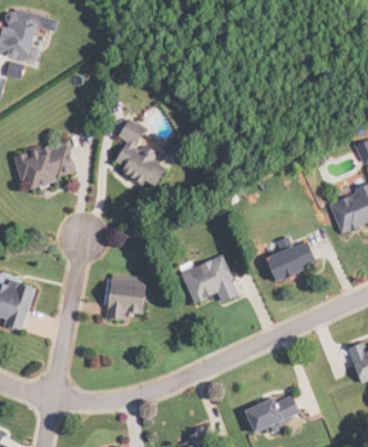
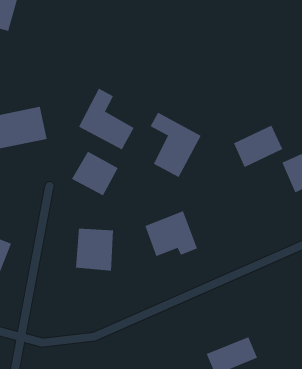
building: none -> [150,112,201,178]
building: none -> [71,151,118,196]
building: [264,237,318,283] -> [233,125,283,168]

